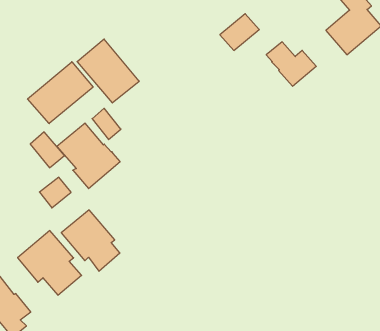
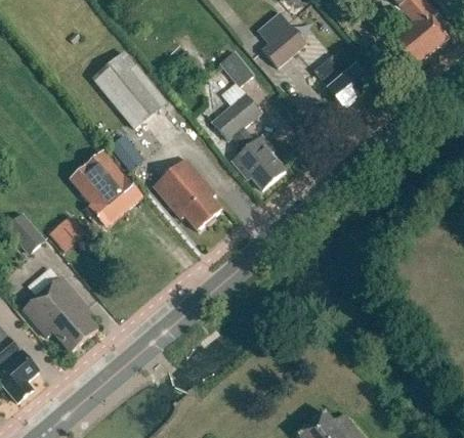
building: none -> [220,51,254,86]
building: [28,62,93,124] -> none
building: none -> [213,92,285,189]
building: [30,132,64,168] -> [6,209,46,251]
building: [61,210,120,271] -> [153,159,221,230]

